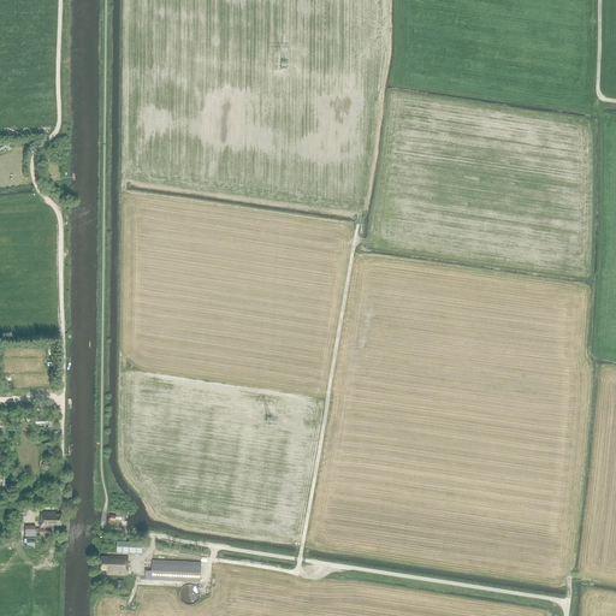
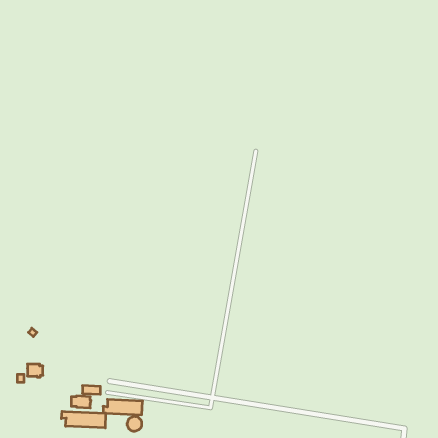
building: none -> [61,411,106,428]

